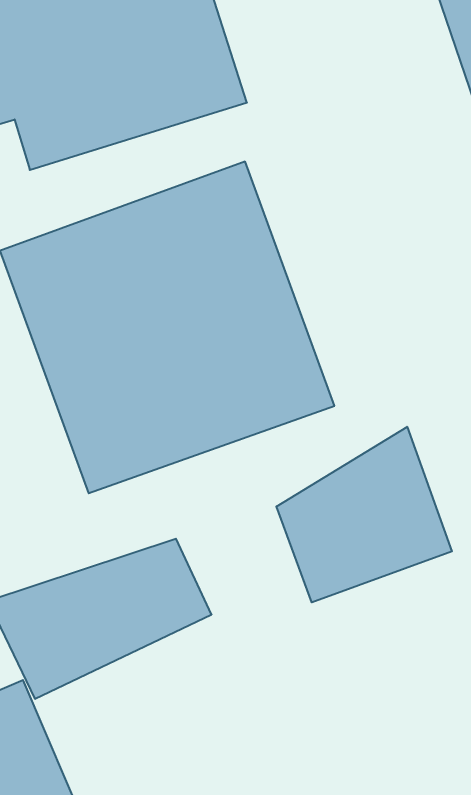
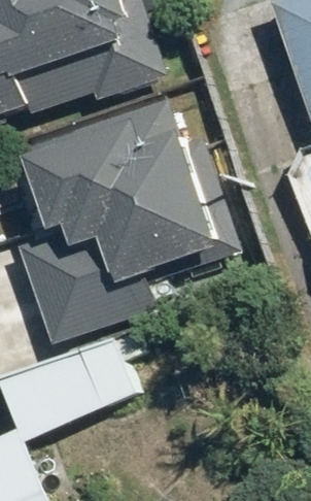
building: [276,427,452,602] -> none

